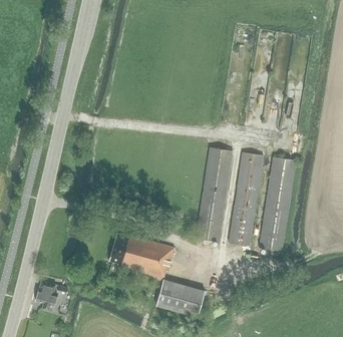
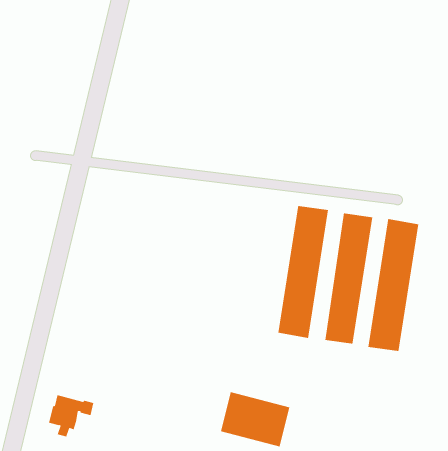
building: [109,234,174,280] -> none

